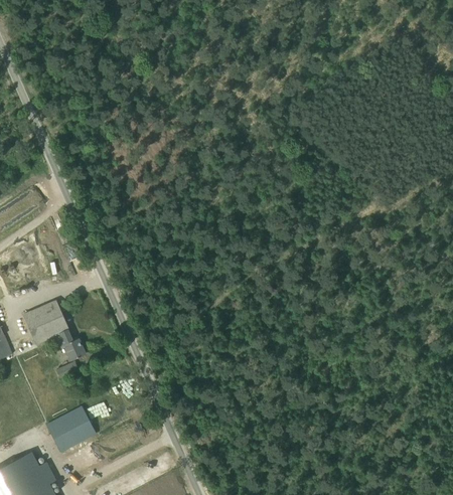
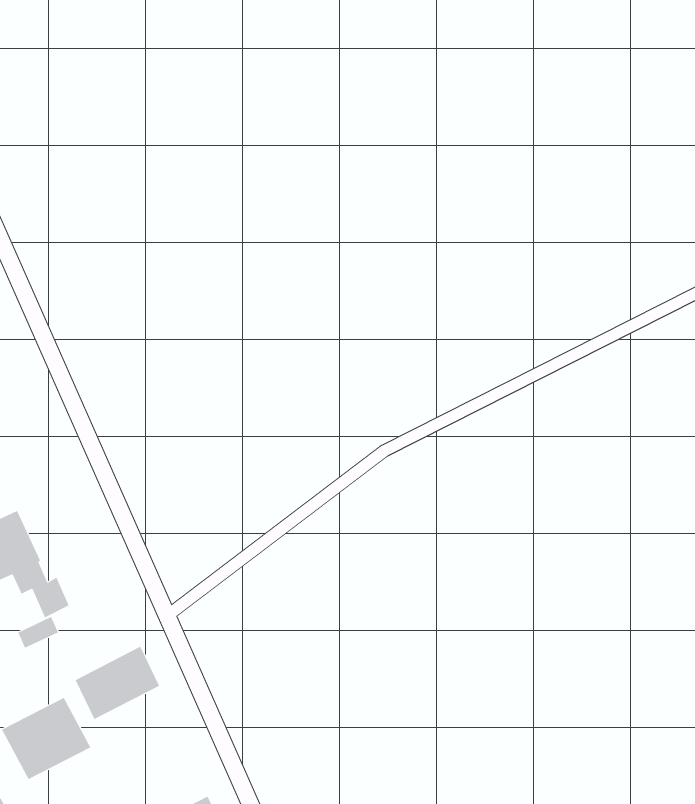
building: none -> [75,646,160,720]

